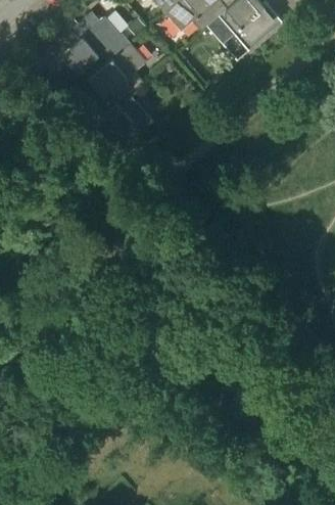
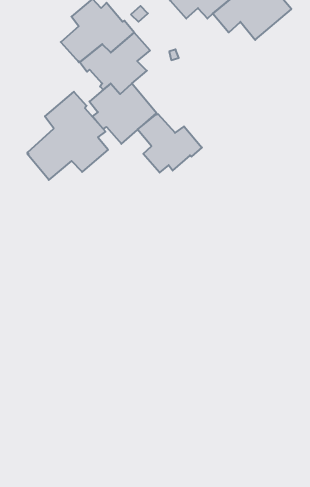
building: none -> [27,92,108,180]
building: none -> [138,114,202,173]

